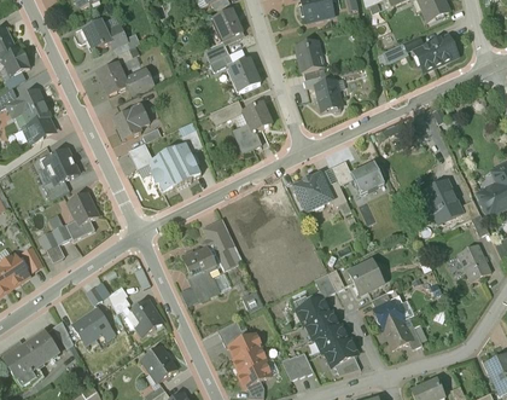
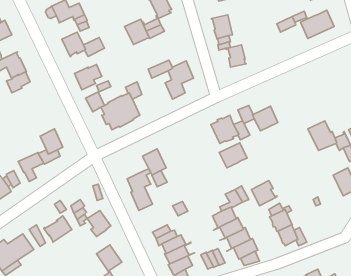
building: [227,57,260,91] -> [125,19,149,45]
building: [42,149,77,184] -> none
building: none -> [219,143,247,168]

